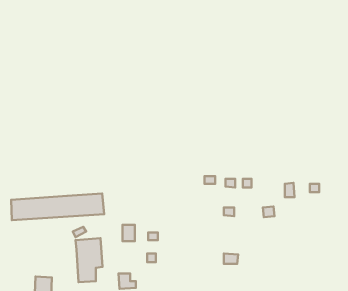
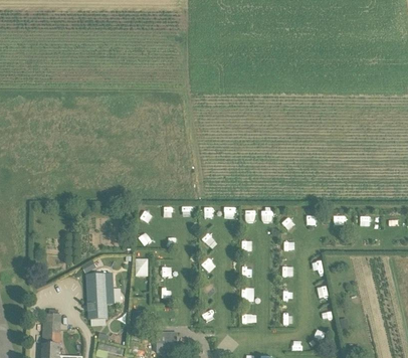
building: [11,193,104,220] -> none

